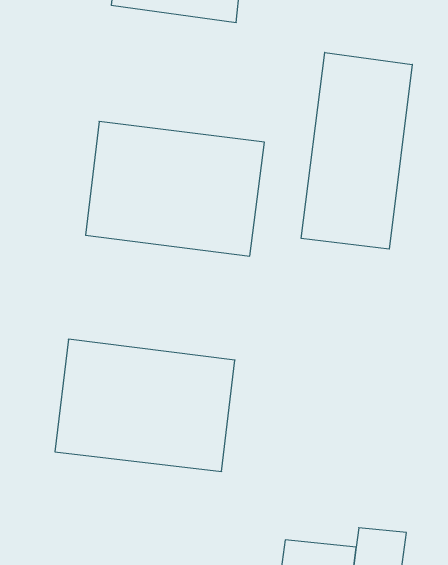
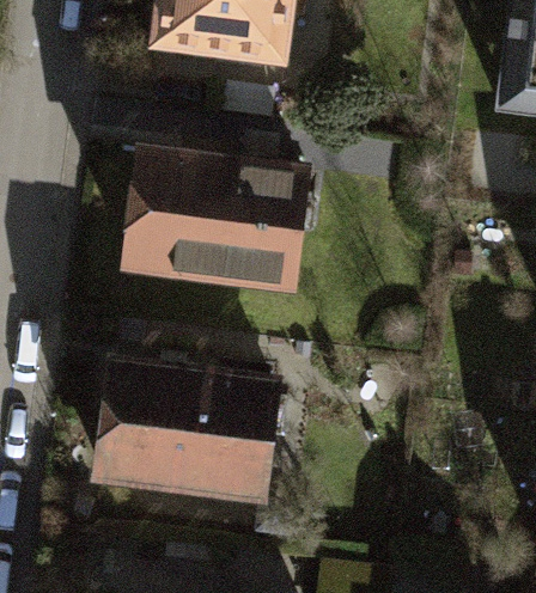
building: [301,52,412,249] -> none

